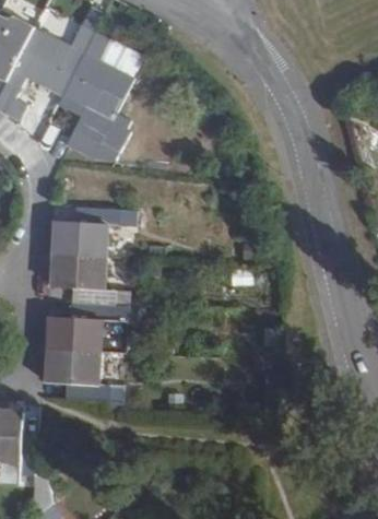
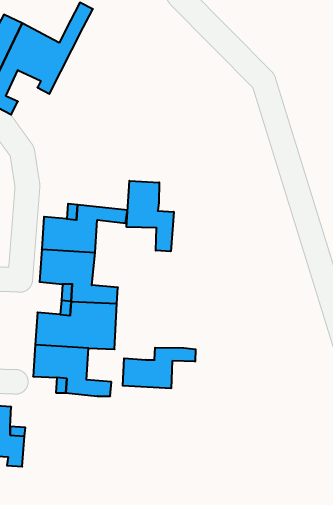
building: [59,31,143,162] -> none
building: none -> [127,181,174,251]
building: none -> [123,348,196,388]

